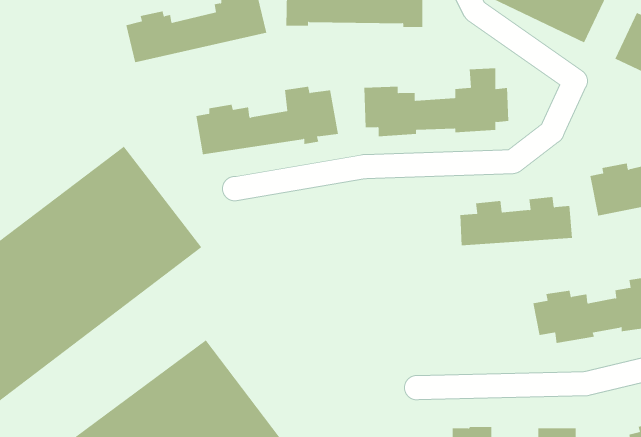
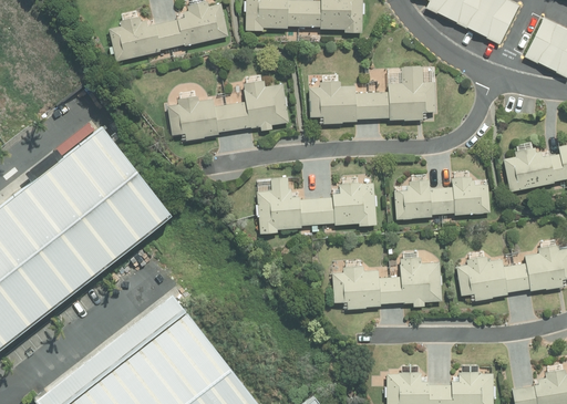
building: none -> [257,175,377,231]
building: none -> [332,256,441,308]

